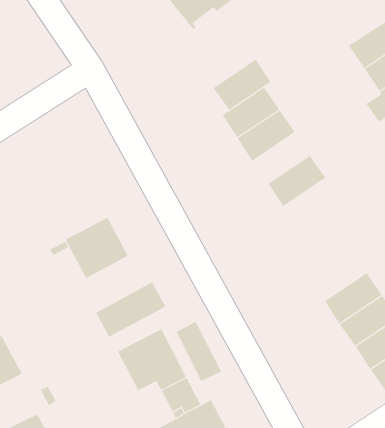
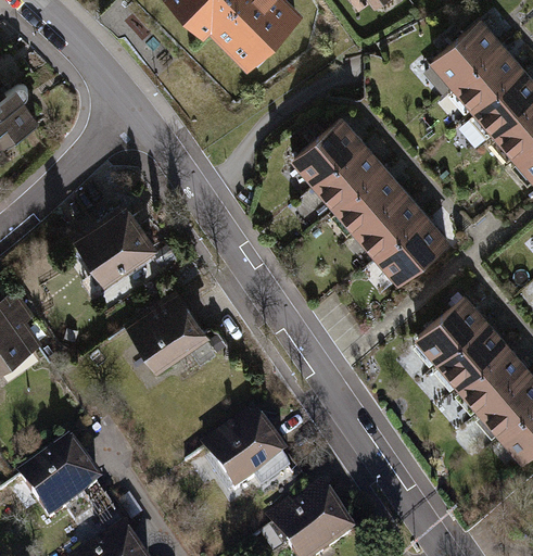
building: [213,59,271,110] -> [338,169,405,233]
building: none -> [78,208,154,282]
building: none -> [380,218,447,282]
building: none -> [420,299,487,363]
building: [95,282,166,338] -> none
building: [176,321,222,382] -> none

